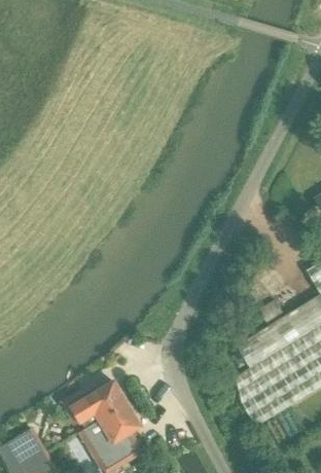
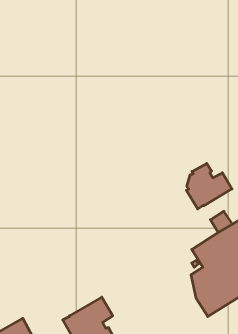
building: none -> [186,163,232,209]
building: [64,380,128,426] -> none

